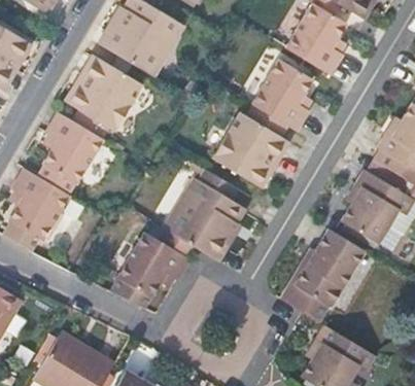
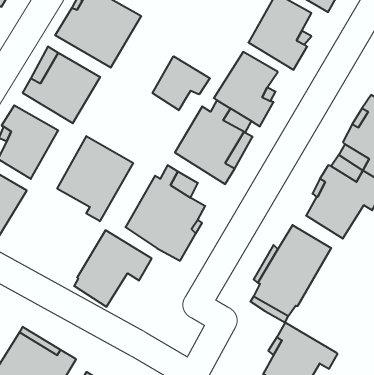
building: none -> [153,56,210,110]
building: none -> [57,136,133,221]

